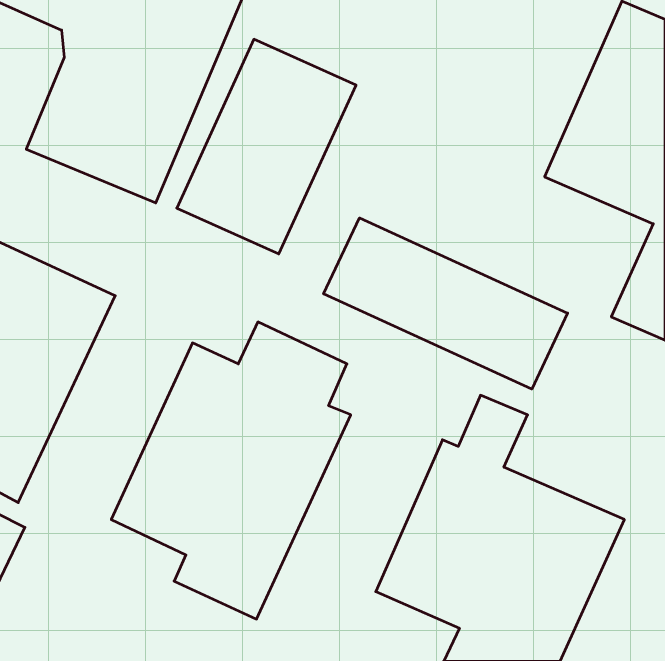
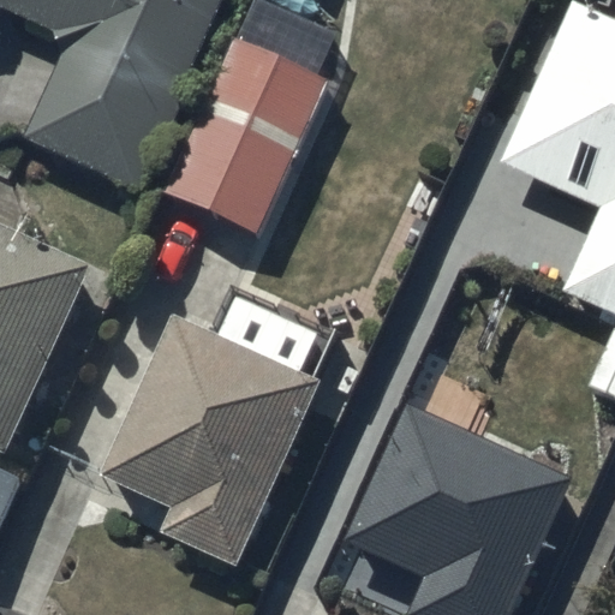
building: [324,218,568,389] -> none

